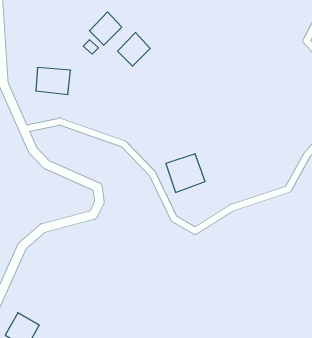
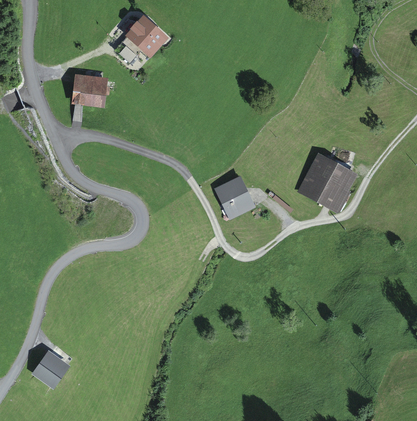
building: [118,33,150,66] -> none
building: none -> [296,155,354,211]

